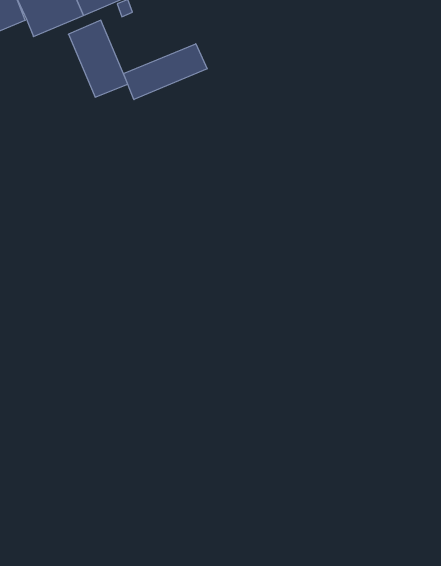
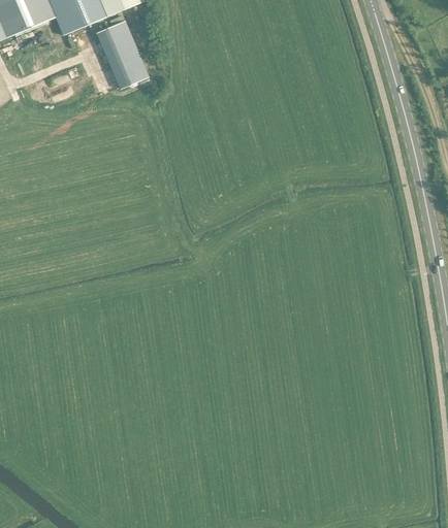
building: [123,44,207,100] -> none

